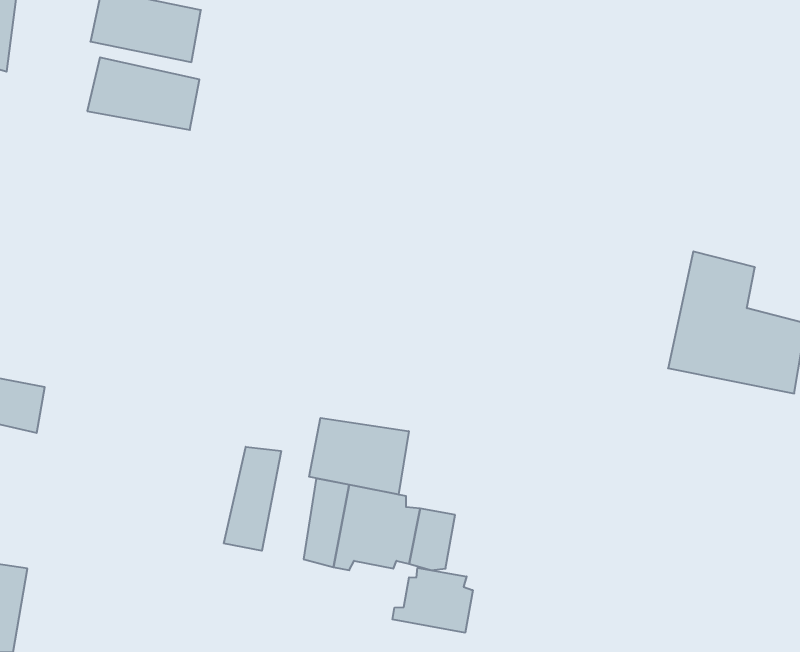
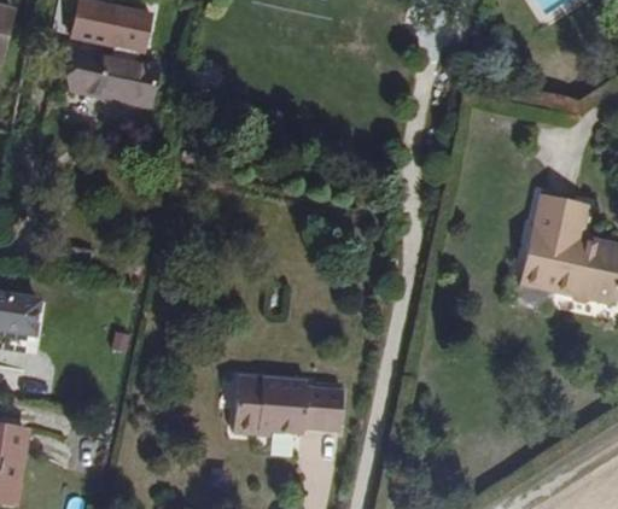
building: [309,418,409,495] -> none
building: [224,447,281,551] -> none
building: [392,568,473,633] -> none

